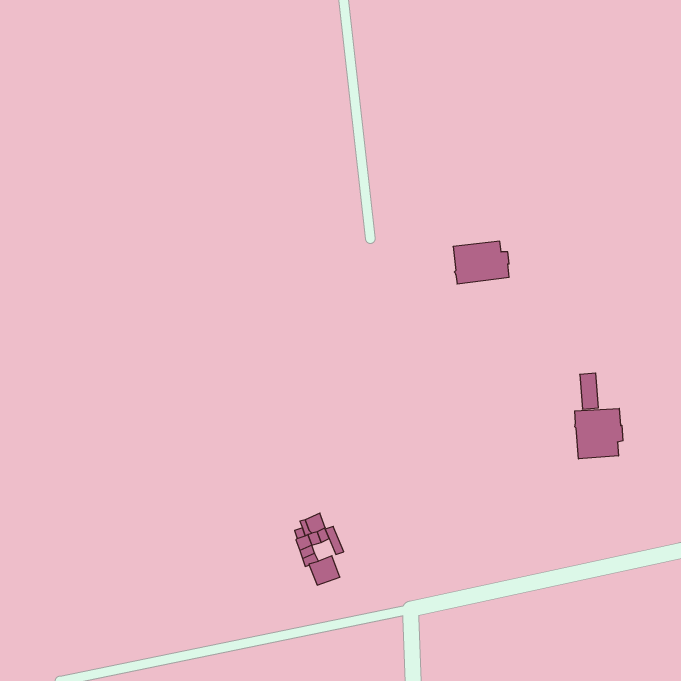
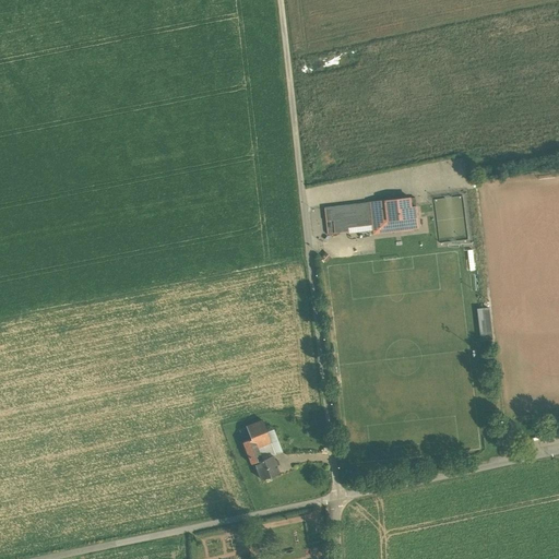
building: none -> [324,202,373,233]
building: [575,408,623,459] -> none

